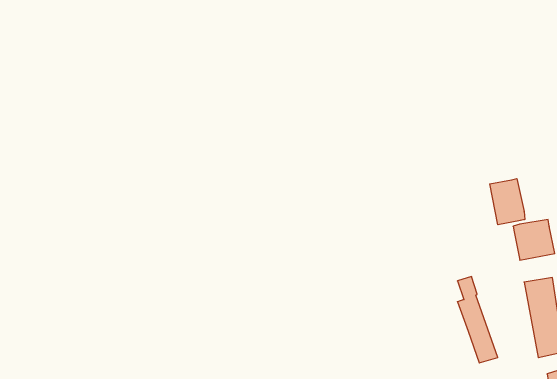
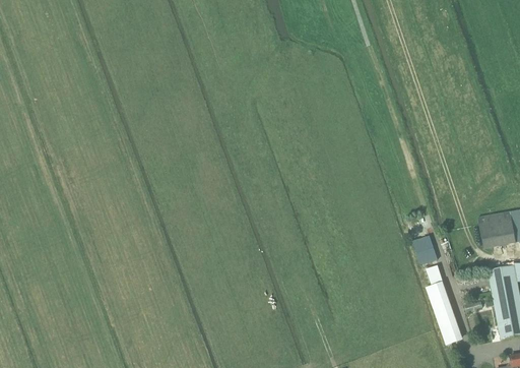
building: [490,179,525,225] -> none
building: none -> [413,235,437,264]

